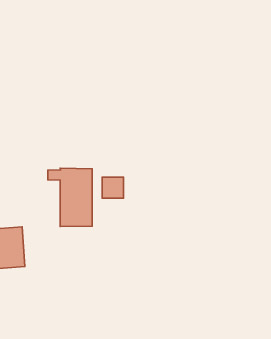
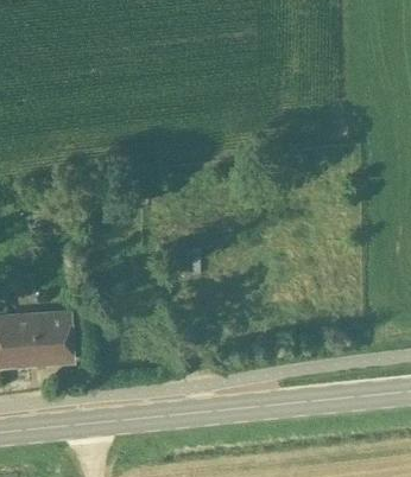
building: [48,168,92,226] -> none

